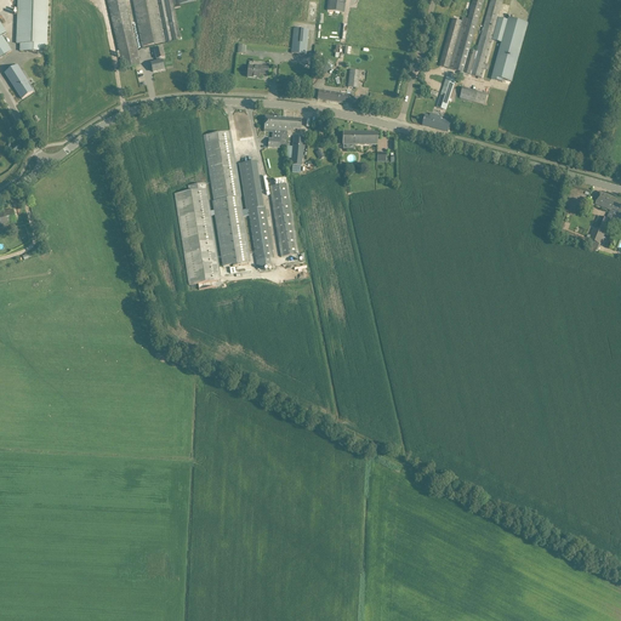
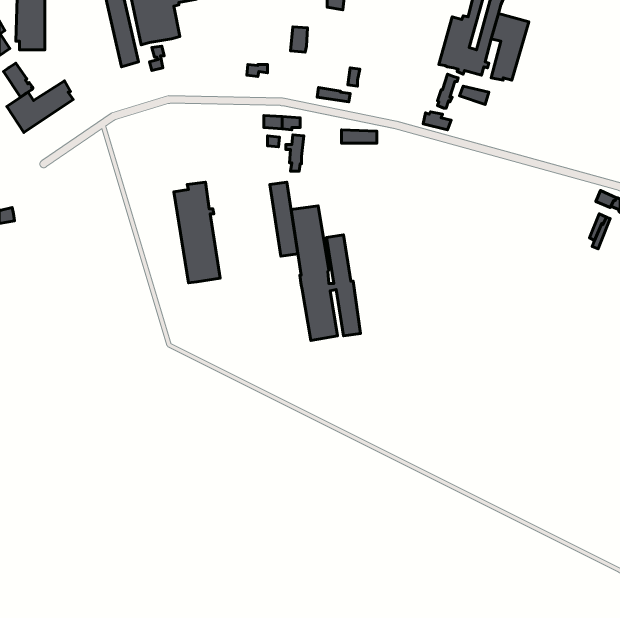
building: none -> [7,81,73,133]
building: [203,130,272,264] -> [291,206,361,341]

